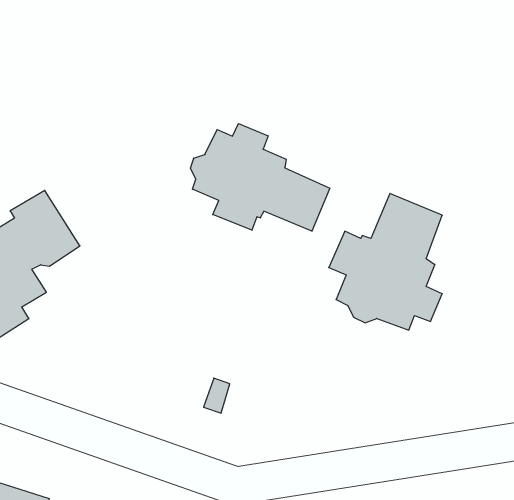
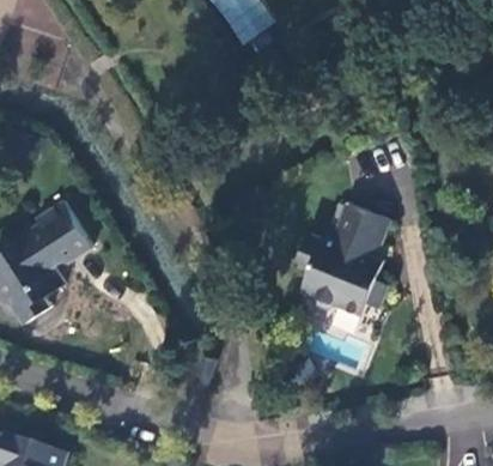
building: [190,124,330,231] -> none

